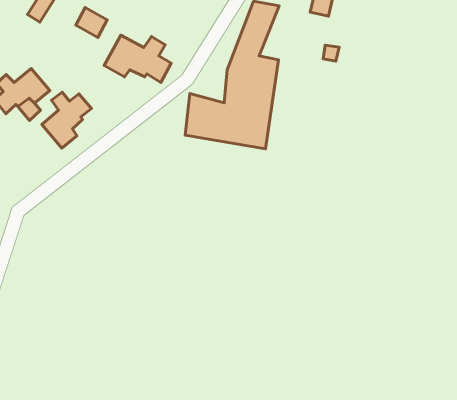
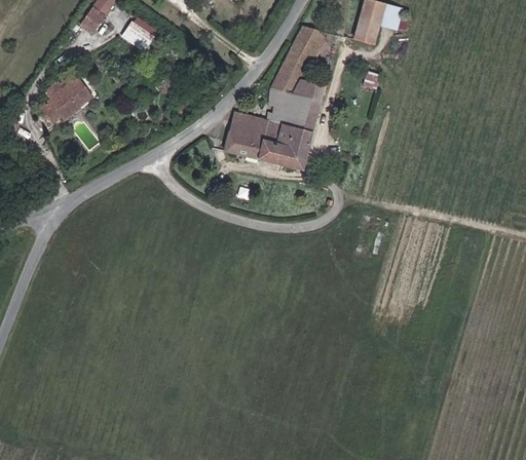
building: [104,35,171,82] -> none
building: [42,92,92,148] -> none

